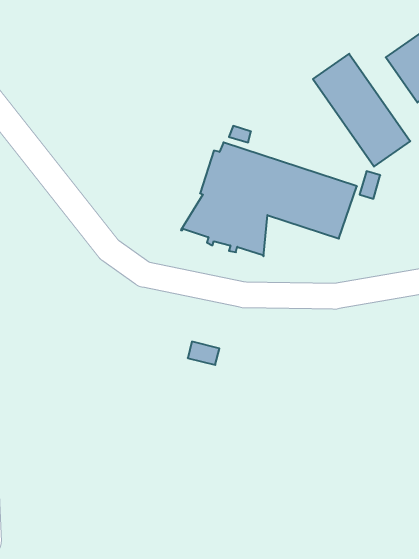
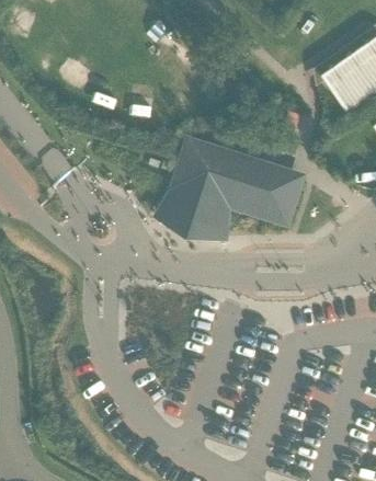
building: [313,54,410,167] -> none

